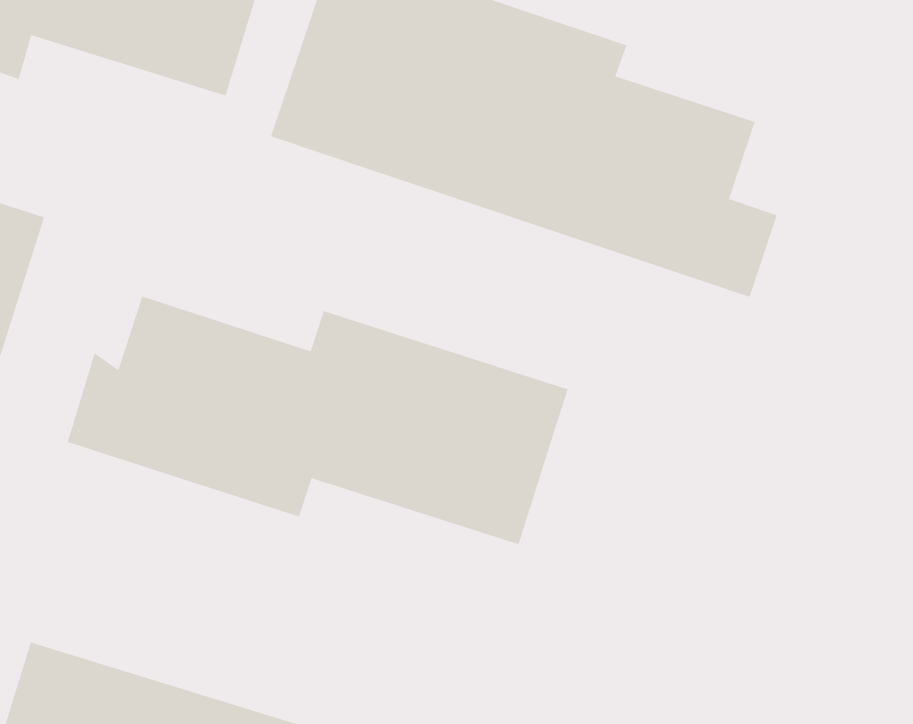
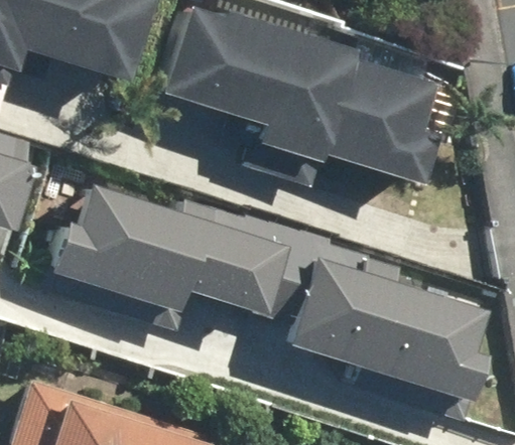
building: none -> [290,265,482,399]

